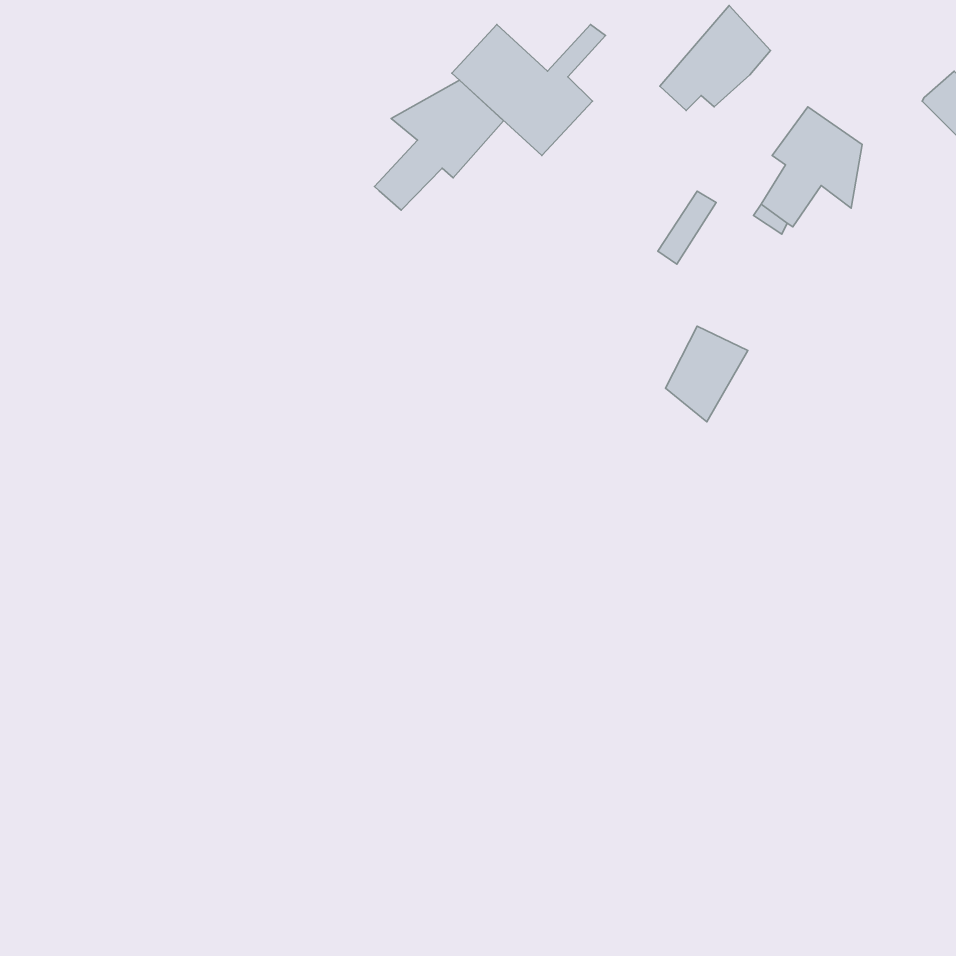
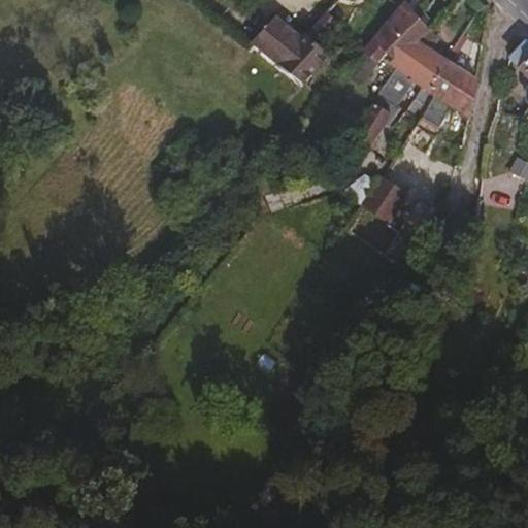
building: none -> [376,28,446,104]
building: [375,80,504,210] -> none

